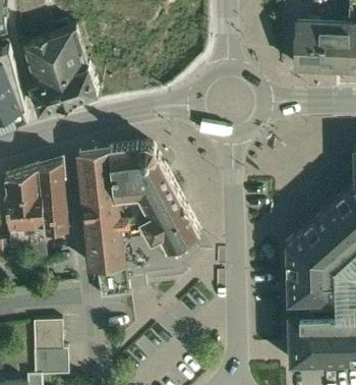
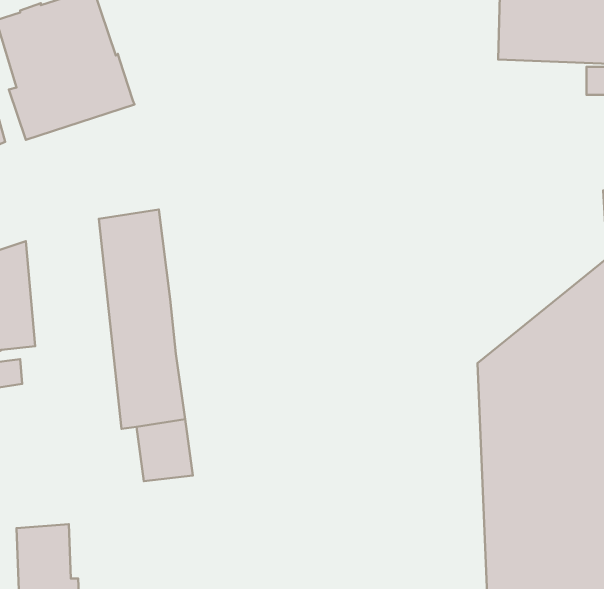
building: [110,145,198,251] -> none
building: [38,160,66,231] -> none

